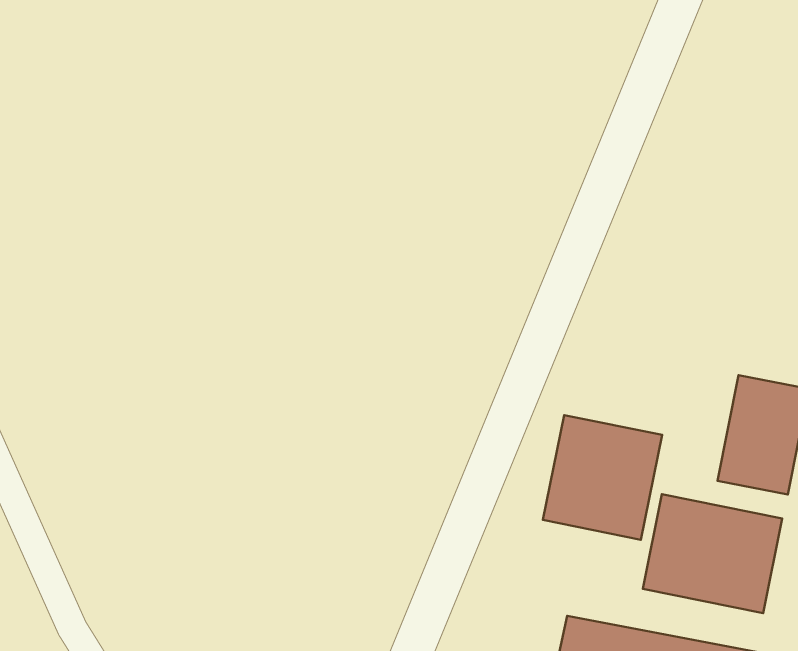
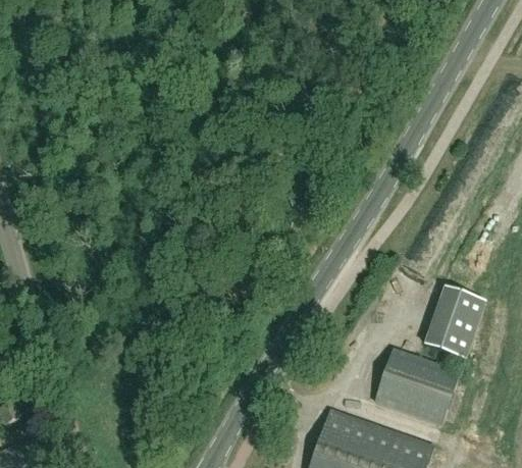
building: [543,415,662,540] -> none

